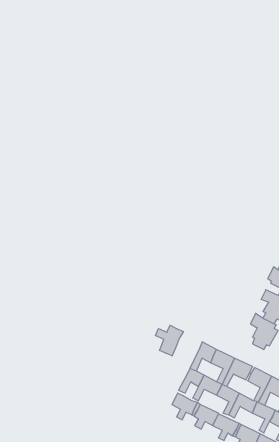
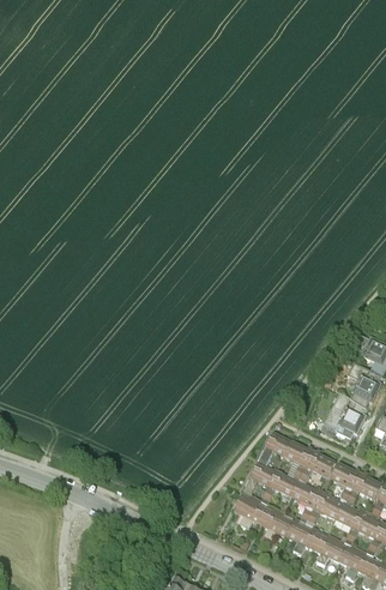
building: [155,325,183,356] -> none

